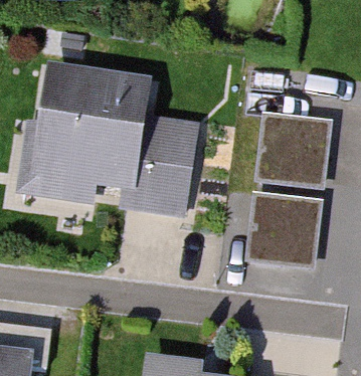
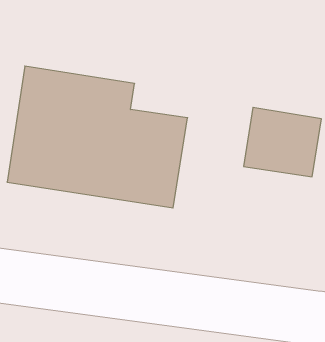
building: [245,194,324,266] -> none

